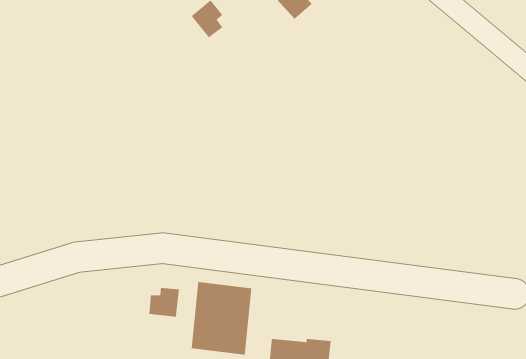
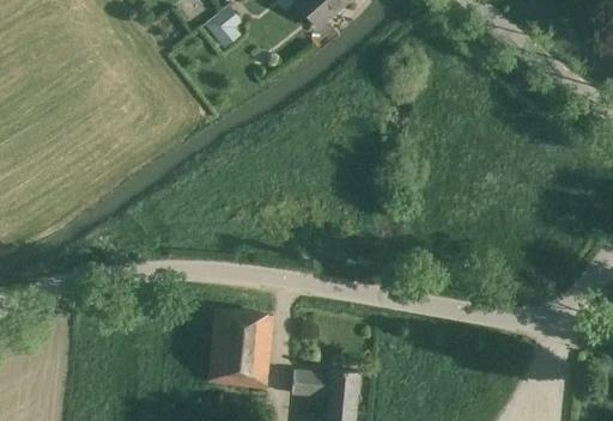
building: [149,287,180,317] -> none

